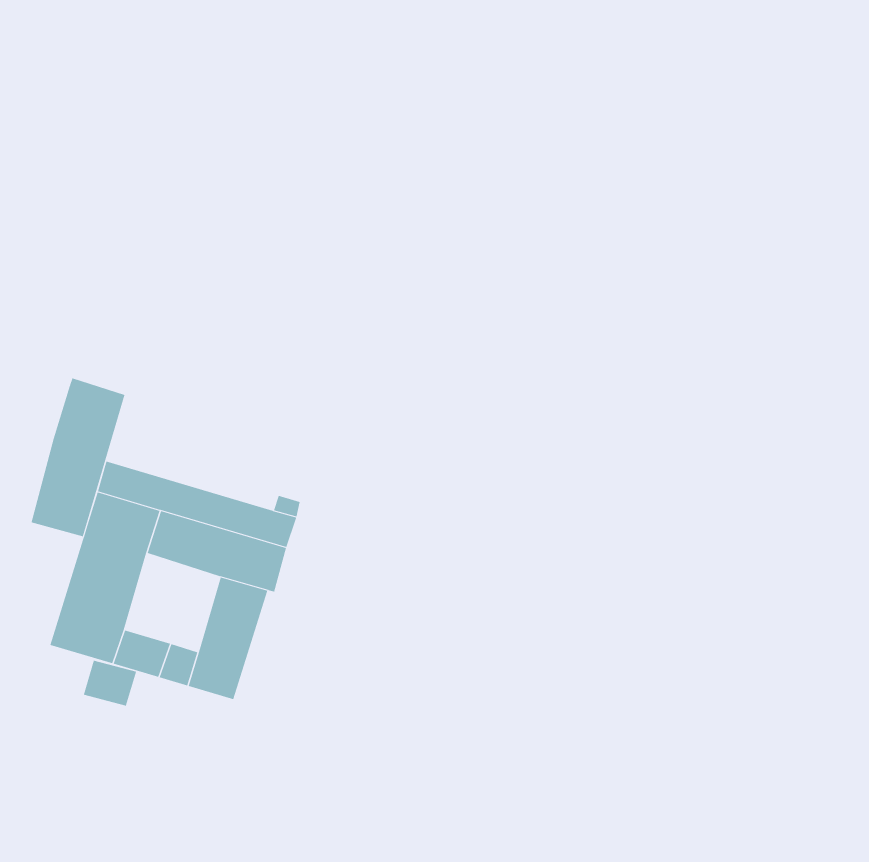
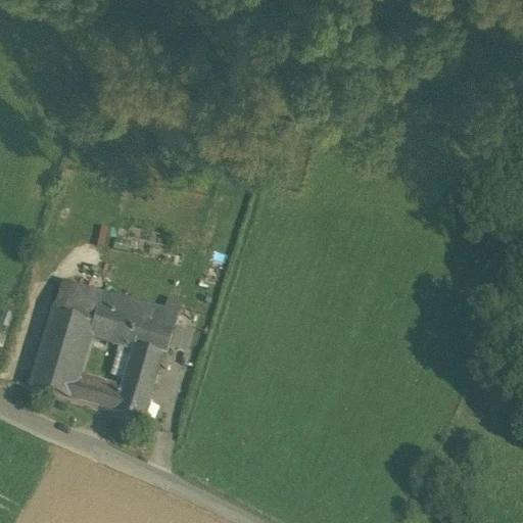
building: [31,378,125,537] -> none
building: [83,660,137,707] -> none

